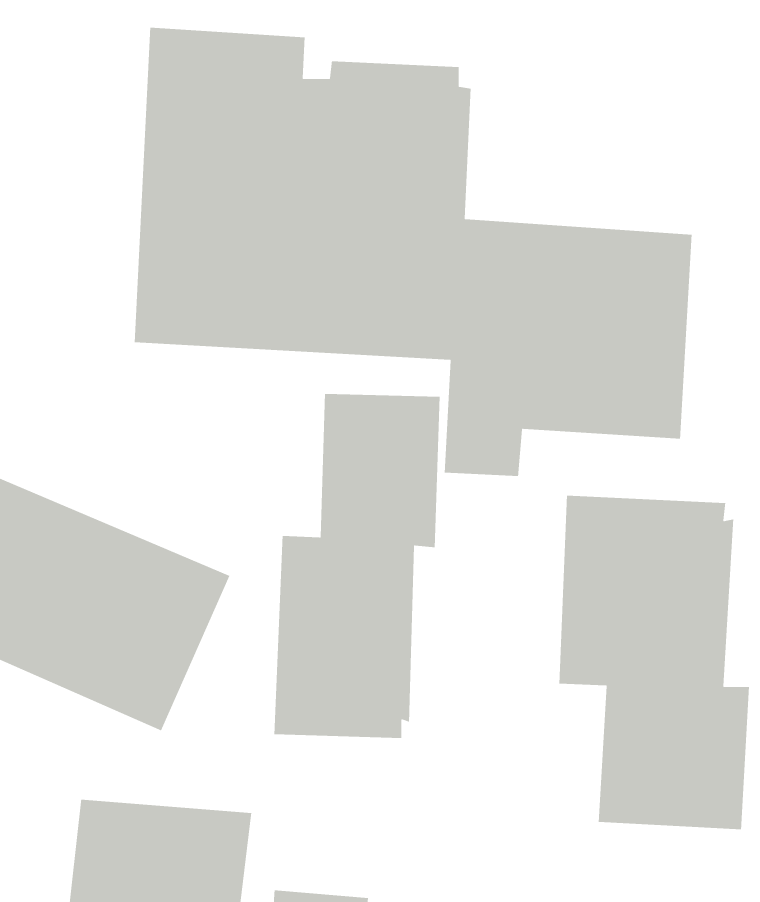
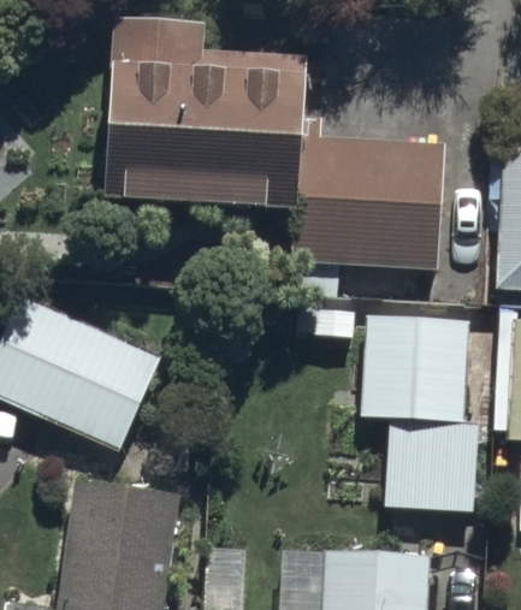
building: [273,393,440,739] -> none

